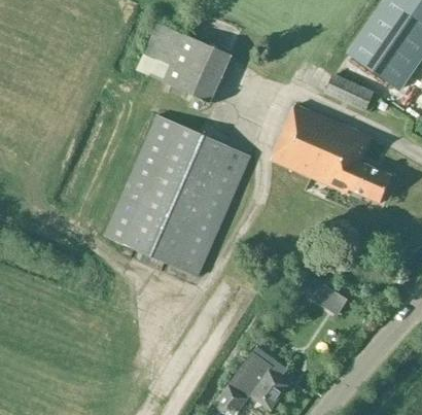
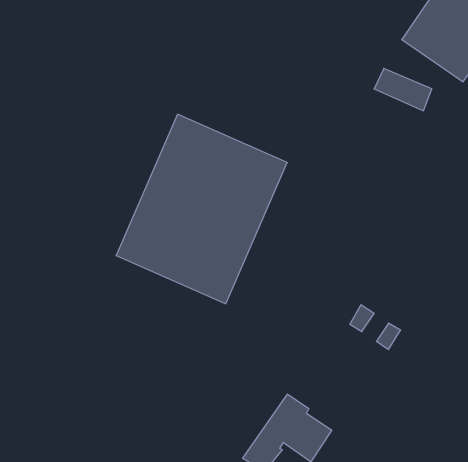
building: [139,22,225,97] -> none
building: [272,105,392,203] -> none

